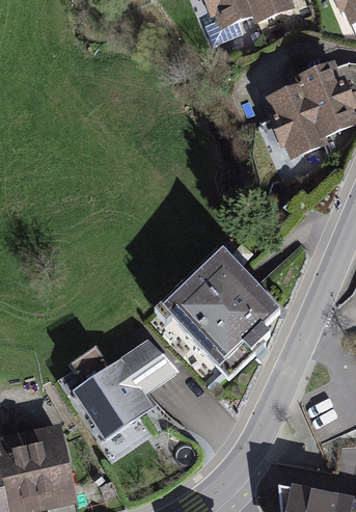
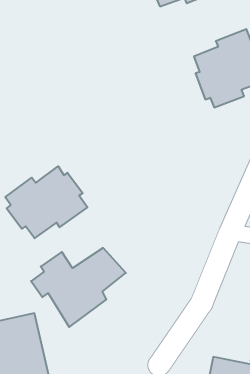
building: none -> [5,166,87,238]
building: [162,245,278,371] -> none

